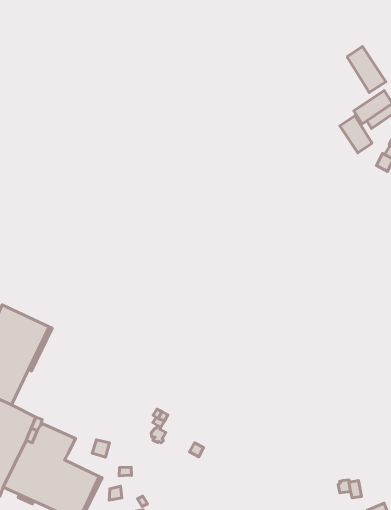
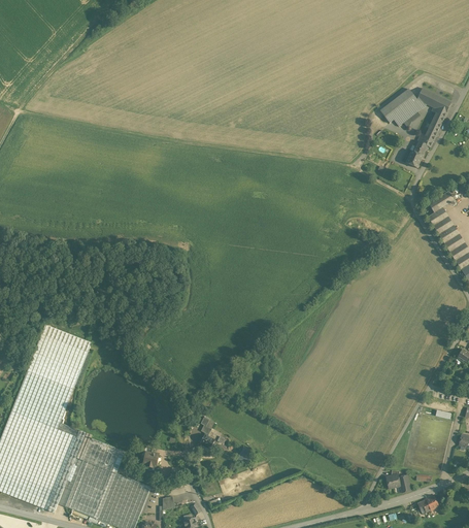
building: [347,46,386,92] -> none
building: [340,116,372,153] -> none

